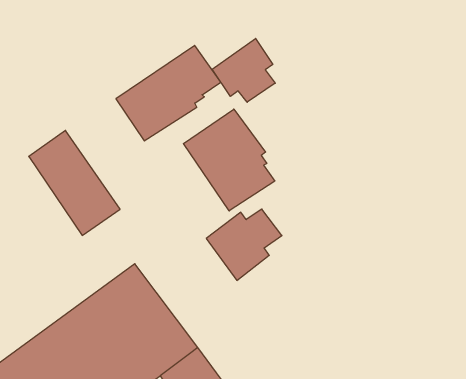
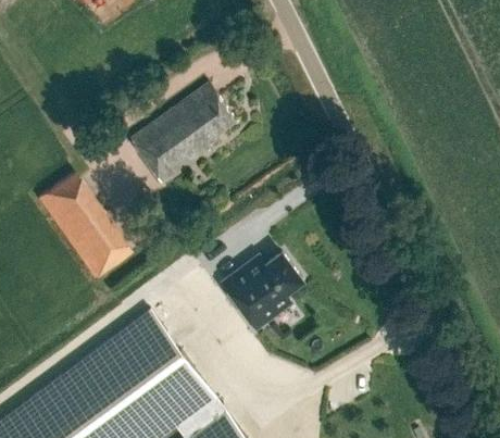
building: [212,38,275,102] -> none
building: [183,109,275,211] -> none

